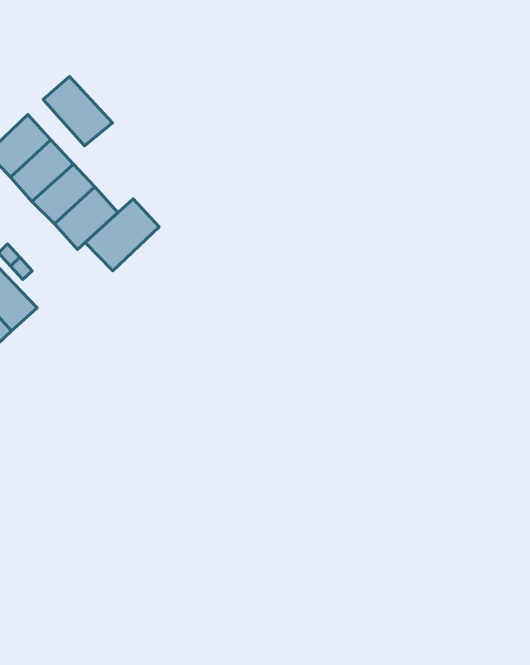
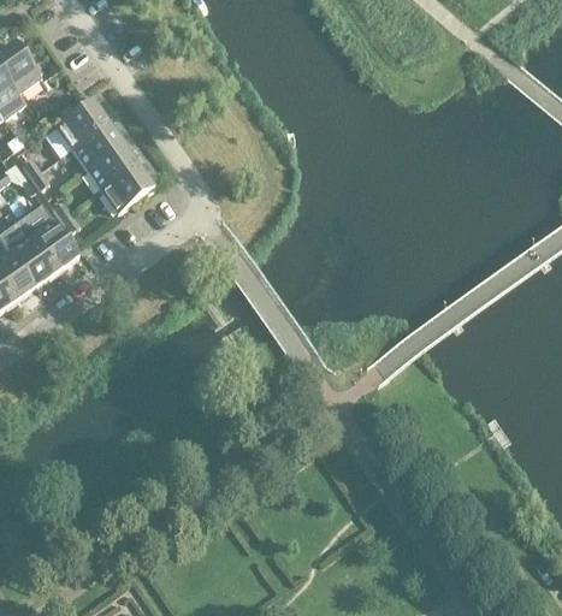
building: [43,76,112,146] -> none
building: [85,199,159,271] -> none

